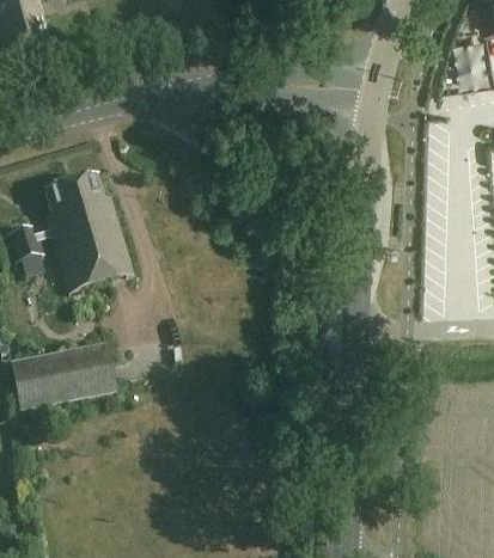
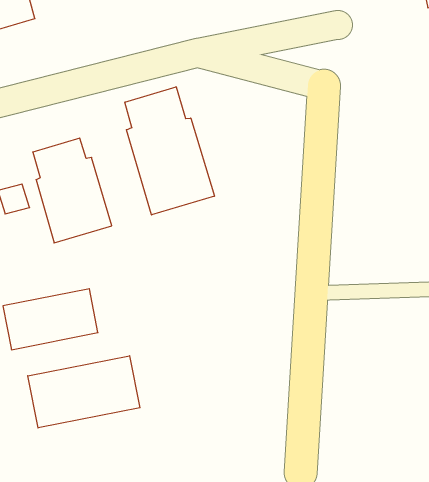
building: none -> [125,87,214,215]
building: none -> [28,356,140,428]

